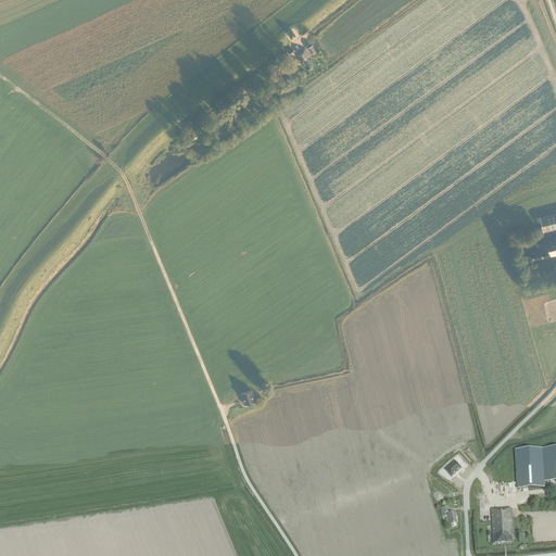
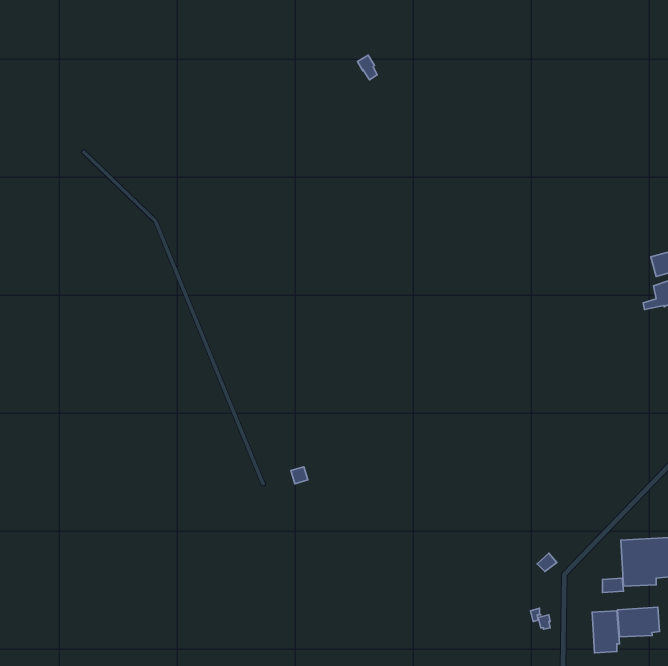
building: none -> [617,607,660,637]

